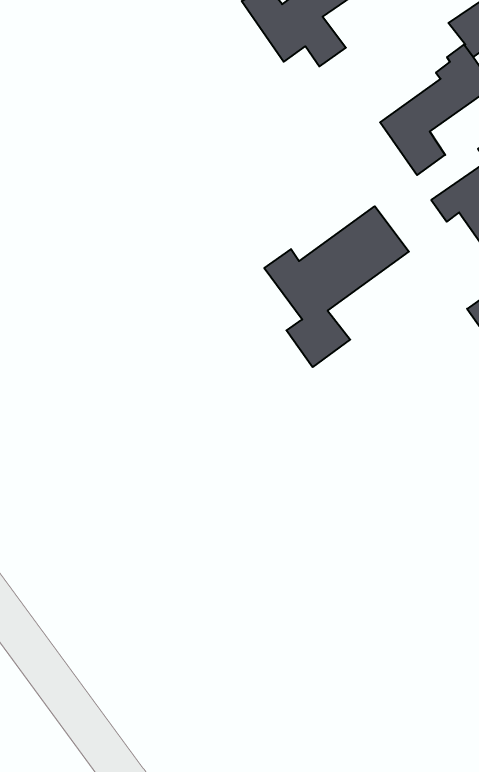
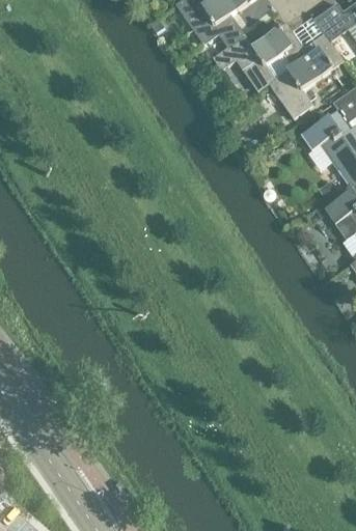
building: none -> [212,22,307,90]
building: [264,206,409,367] -> none

